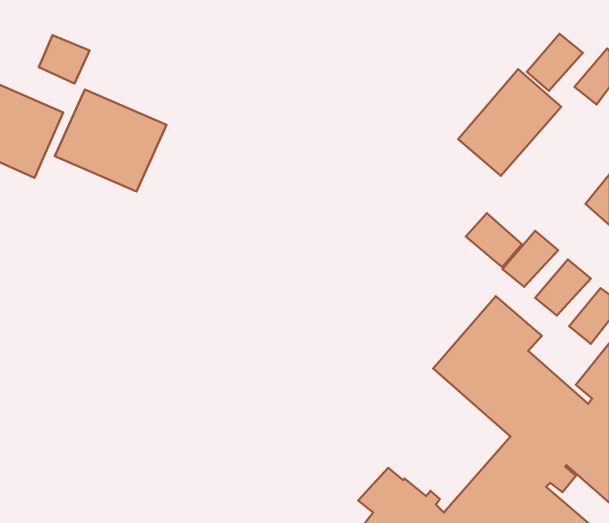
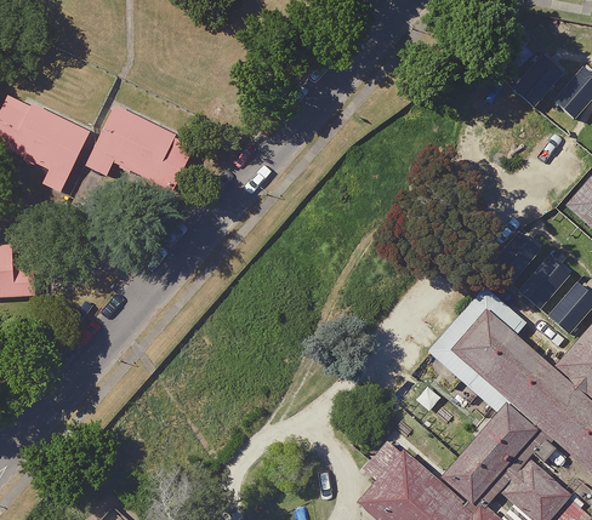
building: [39,35,89,83] -> none
building: [458,69,561,176] -> none
building: [466,213,522,267] -> none

